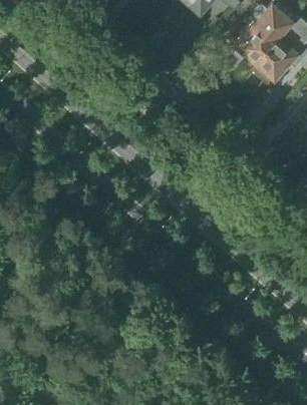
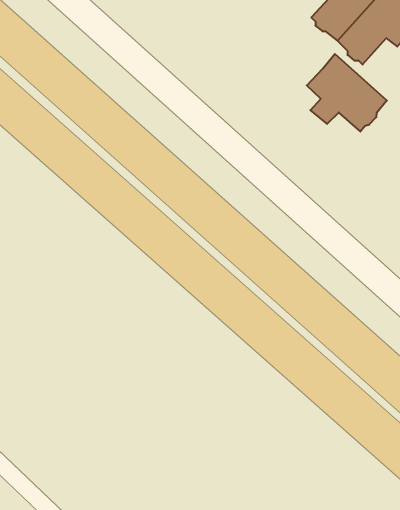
building: none -> [307,54,387,132]

